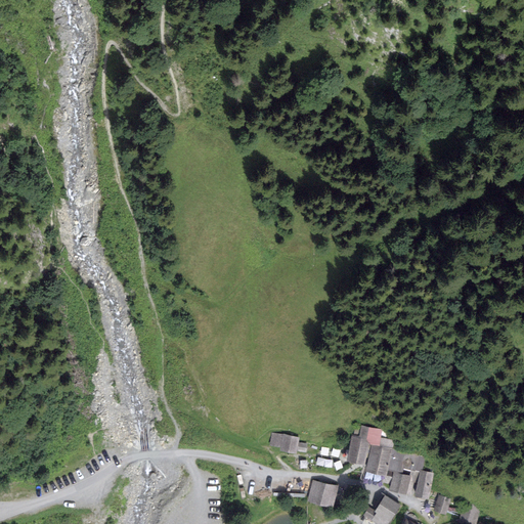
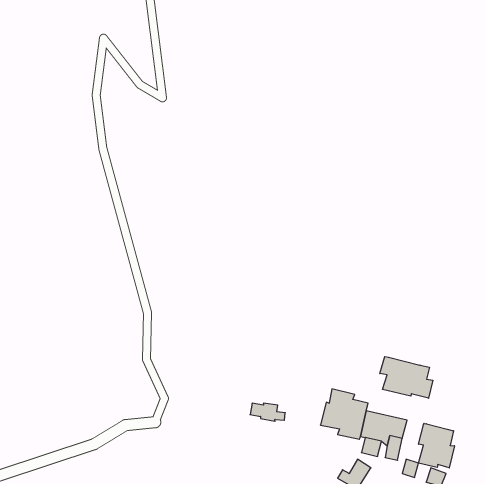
building: none -> [380,357,433,398]
building: none -> [418,423,454,468]
building: [307,481,337,507] -> none

